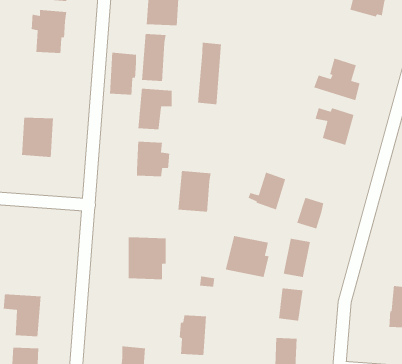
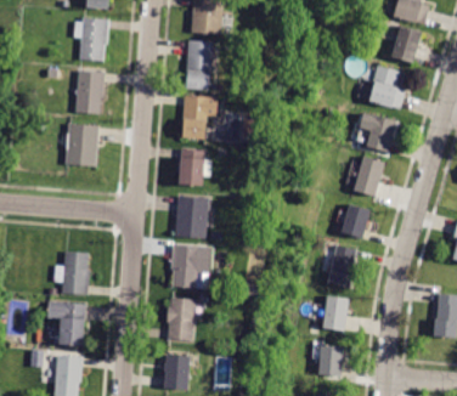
building: none -> [390,26,421,62]
building: [197,42,222,105] -> none
building: [109,52,137,95] -> [75,69,103,113]
building: [178,170,212,213] -> [174,196,208,238]
building: [247,172,286,210] -> [345,155,384,194]
building: [225,235,269,278] -> none
building: none -> [53,250,89,294]
building: [179,315,207,356] -> [165,298,193,339]

